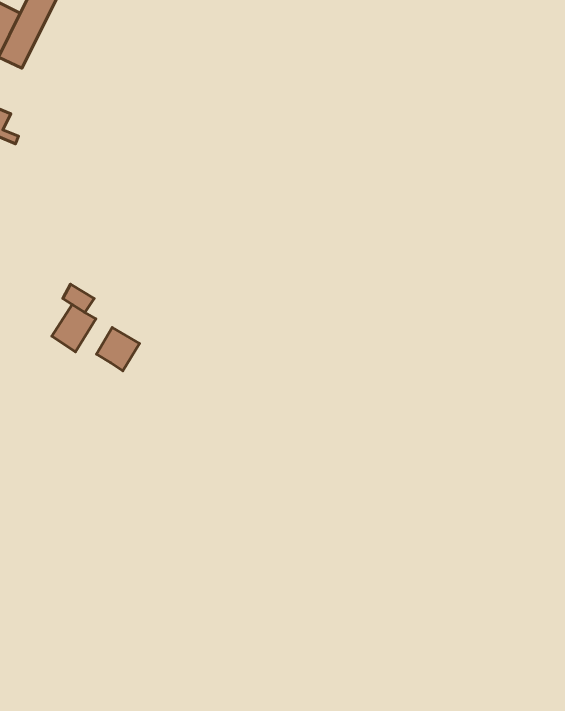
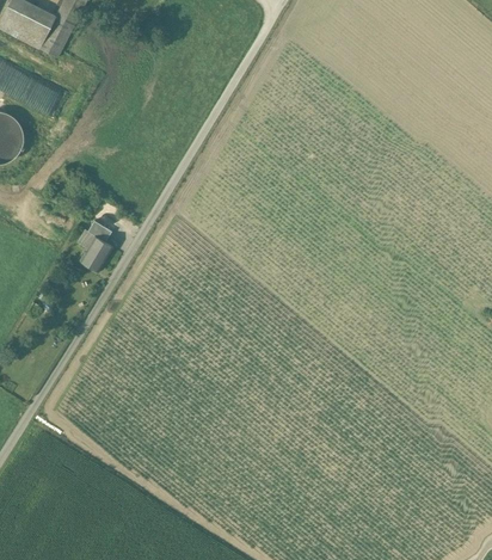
building: [97,327,140,371] -> none

